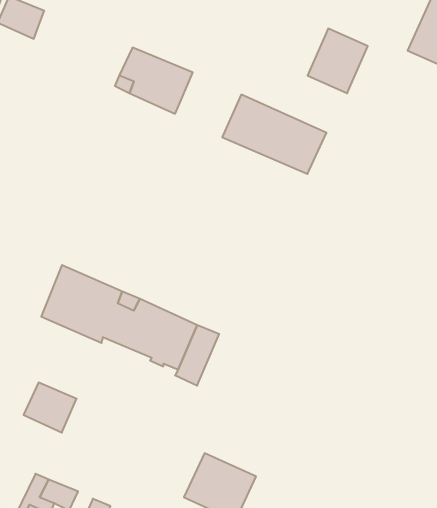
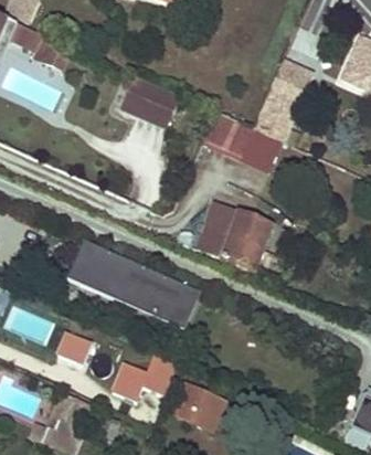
building: none -> [197,200,269,269]
building: none -> [134,352,174,394]

